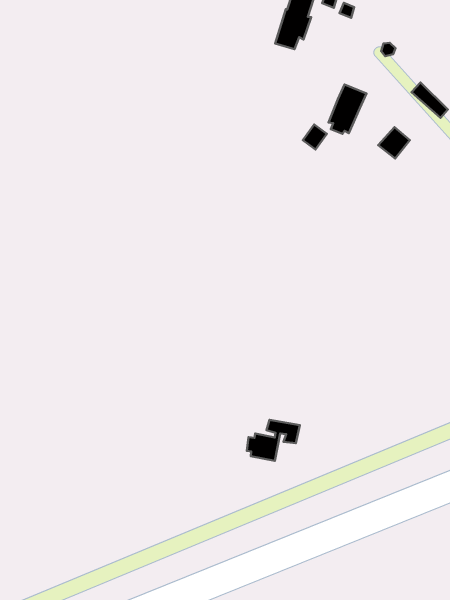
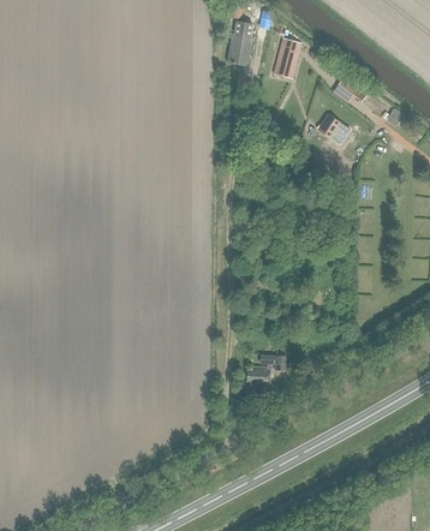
building: [329,84,366,134] -> [274,38,300,77]

